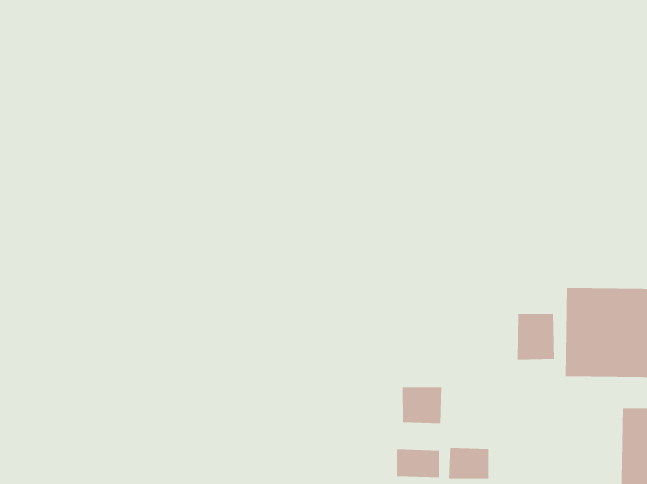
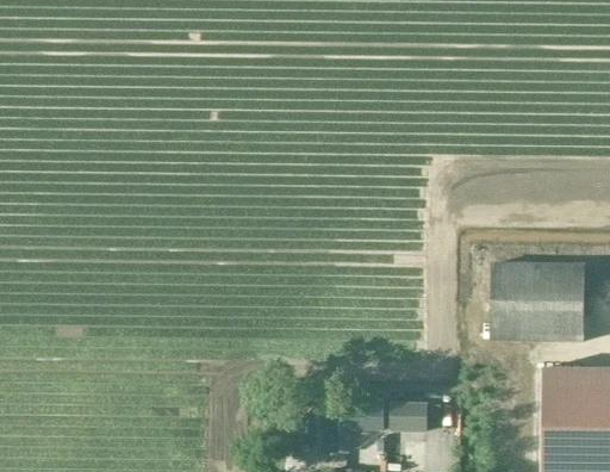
building: [517,313,555,361] -> none
building: [402,387,442,424] -> none

